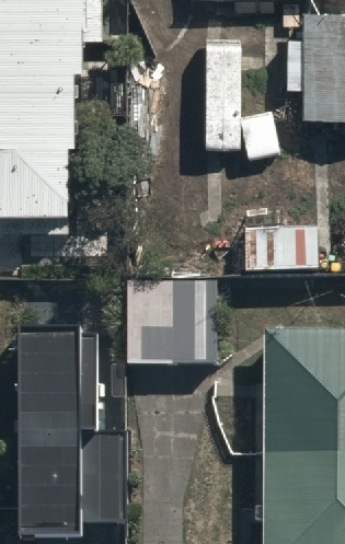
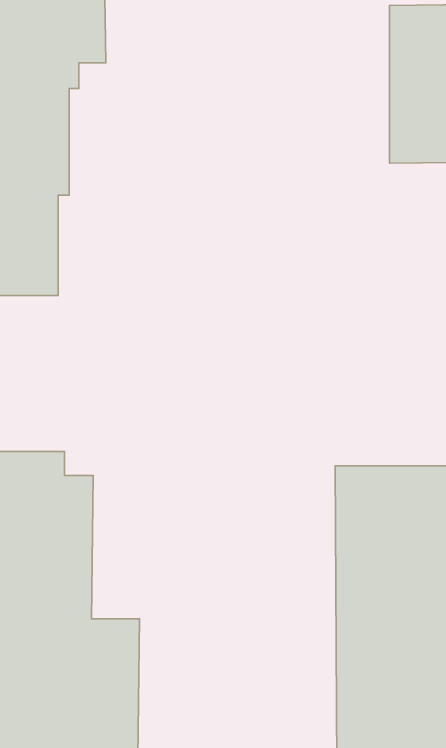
building: [126,280,218,364] -> none

